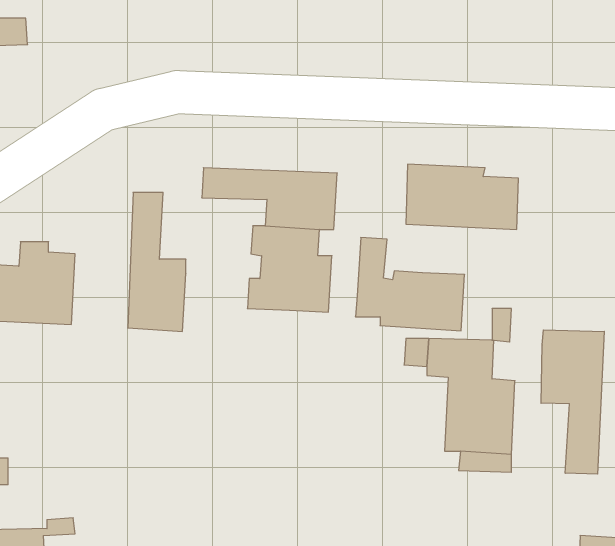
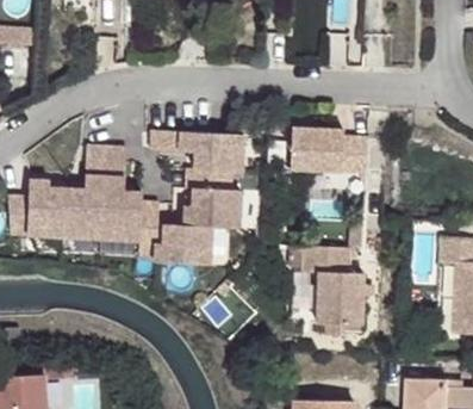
building: none -> [63,145,105,238]
building: [355,238,465,331] -> [137,202,211,265]
building: [541,330,604,474] -> none

